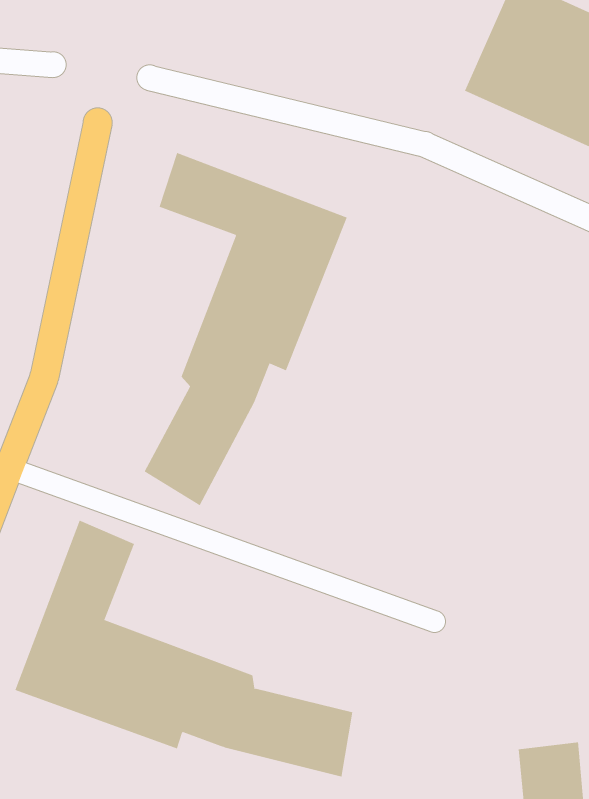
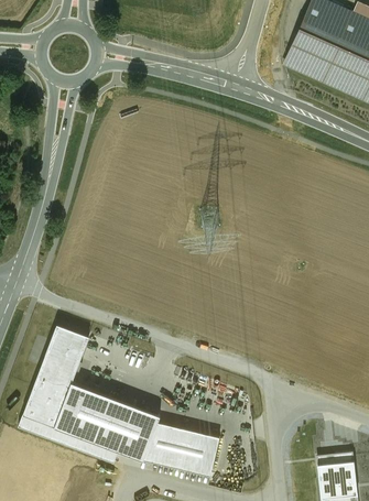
building: [144,152,347,506] -> none

